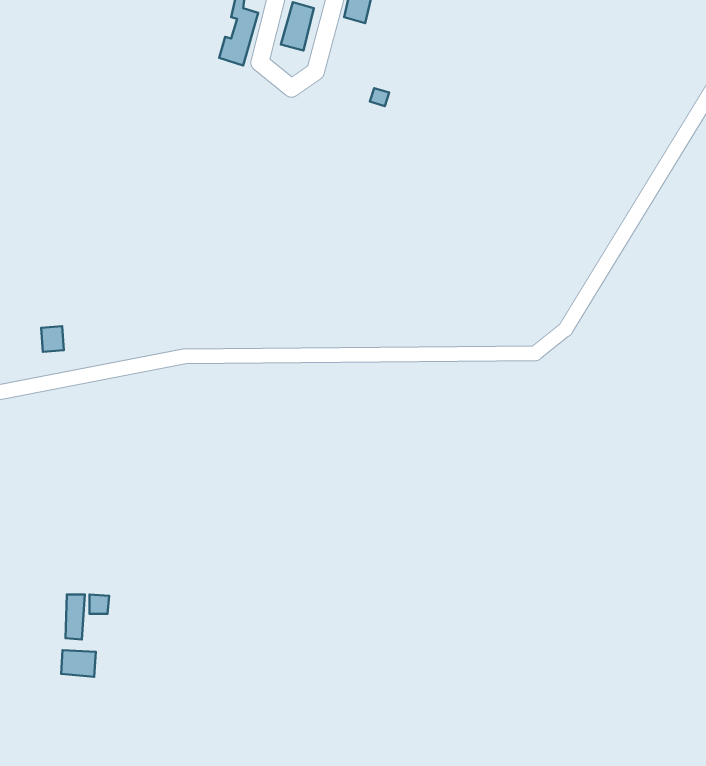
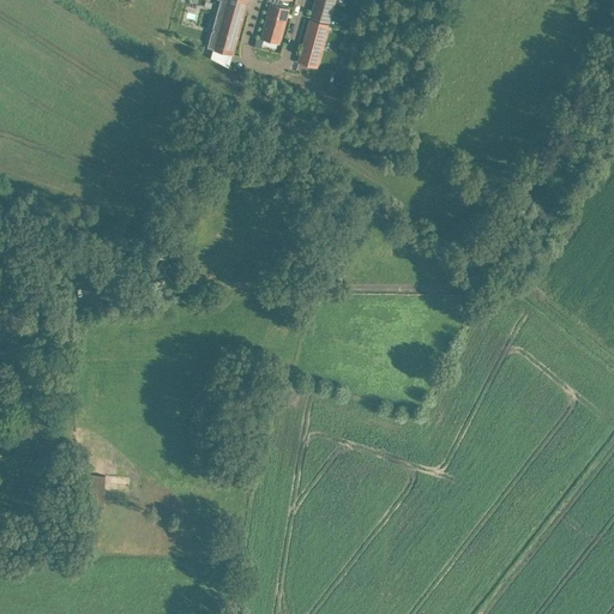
building: none -> [297,19,326,66]
building: [61,650,96,677] -> none

